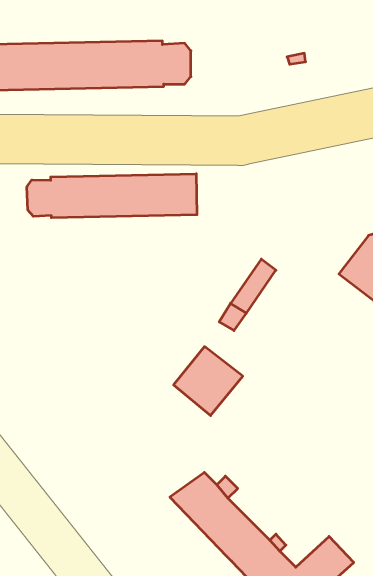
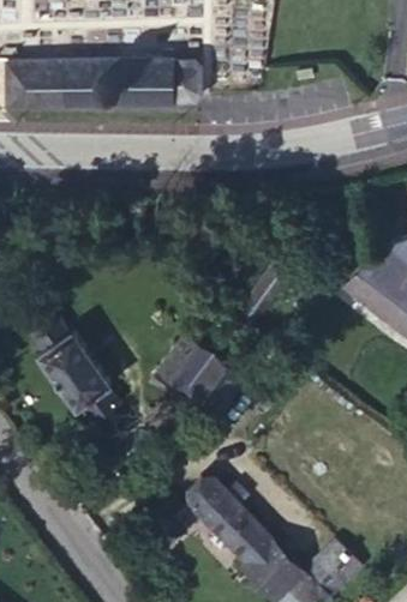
building: [27,174,197,218] -> none
building: none -> [30,317,118,422]
building: none -> [149,335,214,403]

